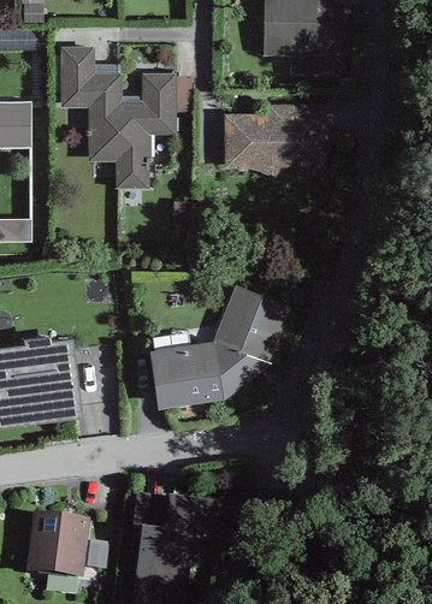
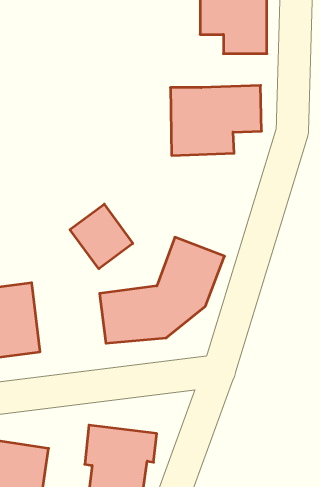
building: [61,46,174,186] -> none
building: none -> [70,204,133,269]

